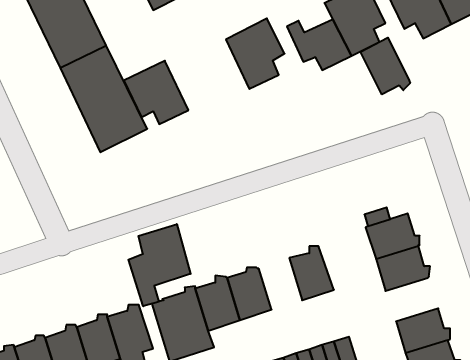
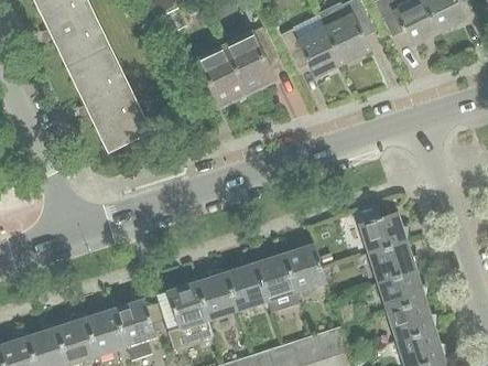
building: [361,38,410,94] -> none
building: [124,61,188,124] -> [187,47,248,107]
building: [128,224,191,306] -> none
building: none -> [257,250,301,312]
building: none -> [376,271,426,312]

